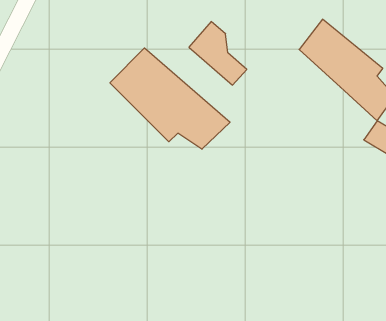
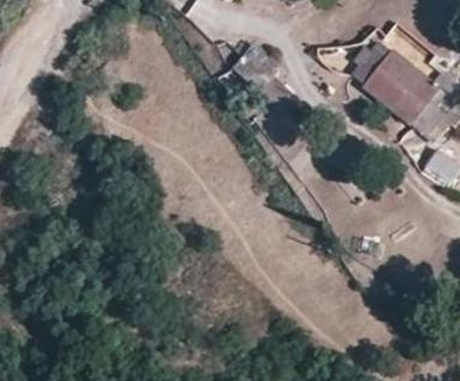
building: [110,48,230,149] -> none

